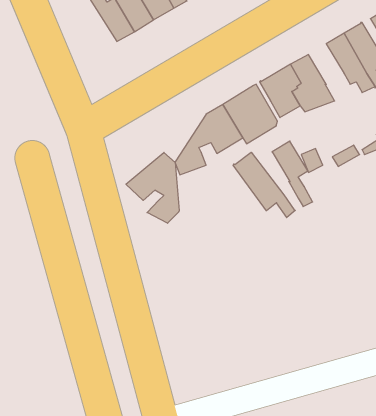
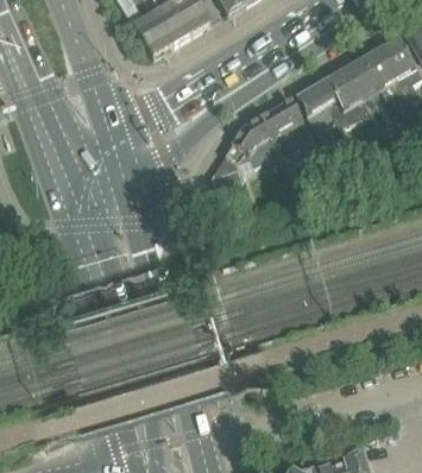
building: [272,141,313,207] -> [345,57,385,122]
building: [233,152,295,218] -> none
building: [126,152,179,223] -> none

